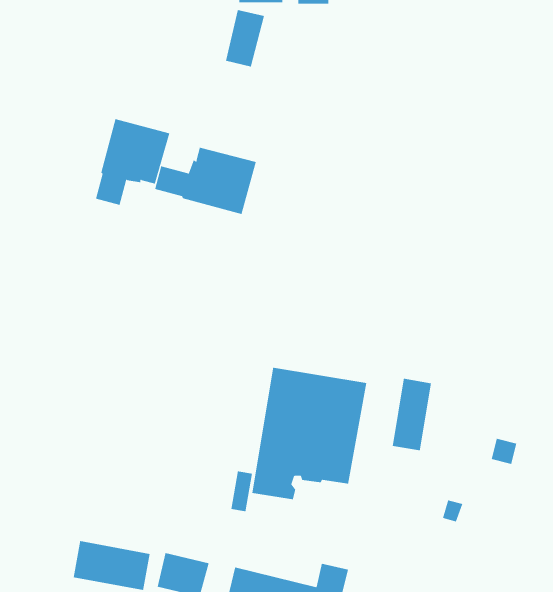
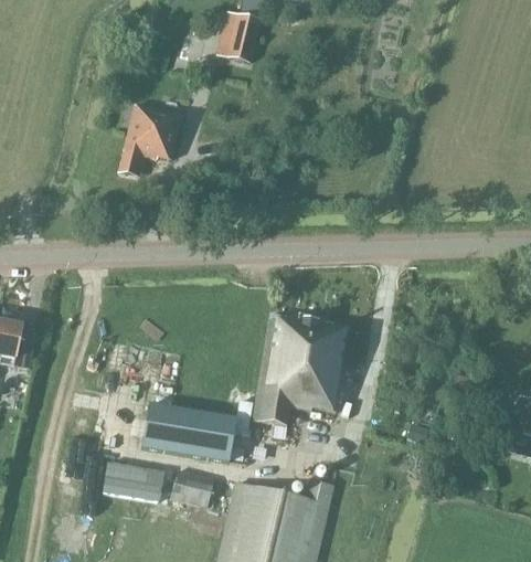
building: [154,147,256,215] -> none
building: [392,378,431,451] -> none
building: none -> [139,405,234,464]

